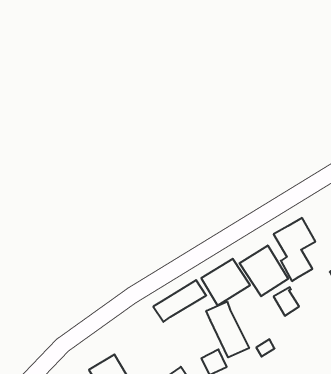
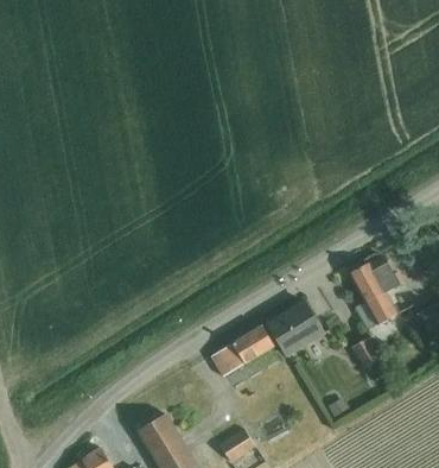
building: [240,245,288,296] -> none
building: [206,302,249,357] -> none

